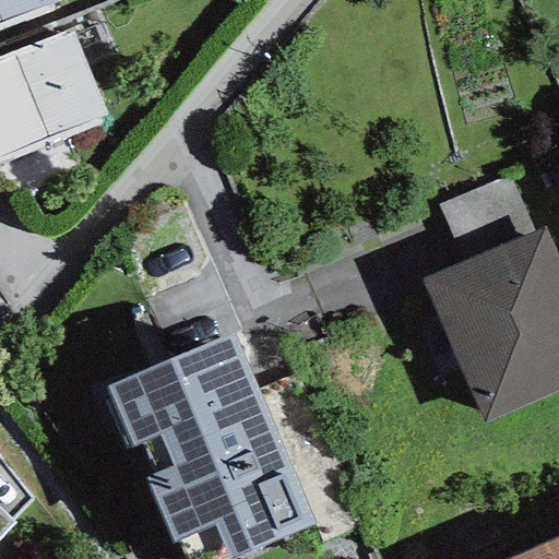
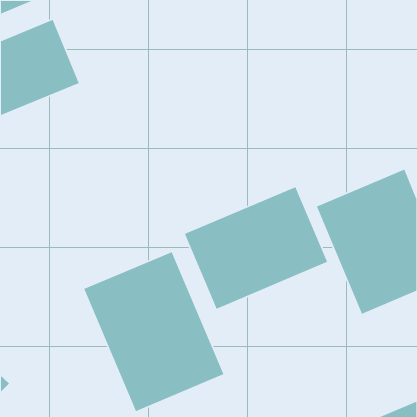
building: none -> [184,186,328,310]

